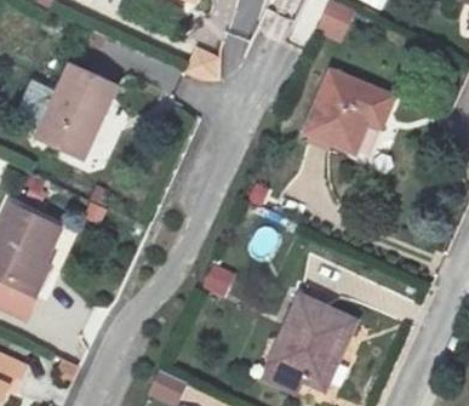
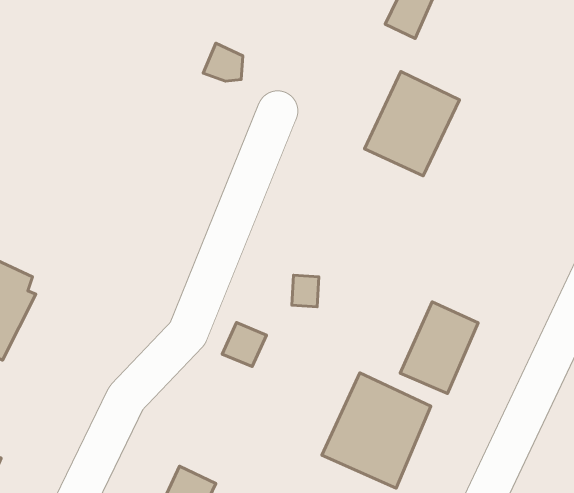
building: [42,70,115,159] -> none
building: none -> [400,302,478,393]

